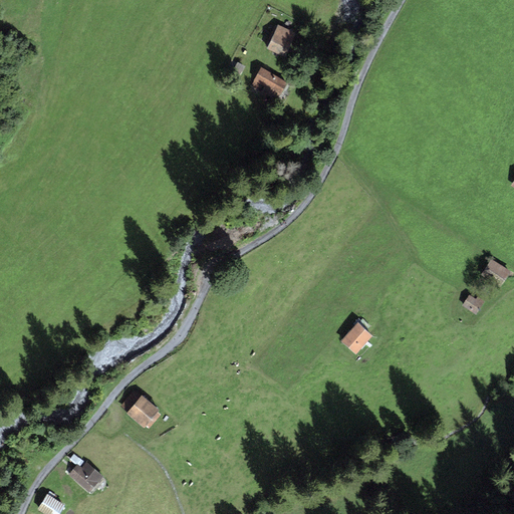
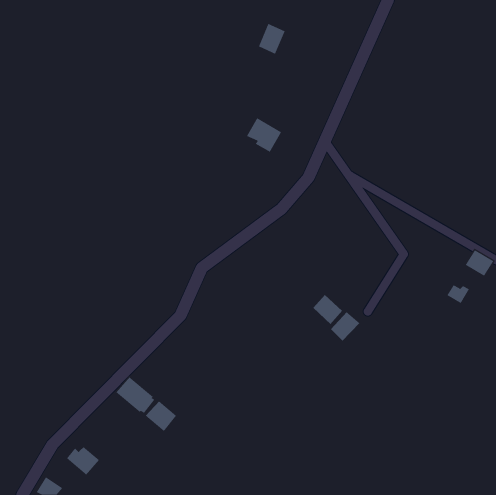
building: [250,67,287,103] -> [246,118,282,153]
building: none -> [313,294,343,325]
building: none -> [145,400,177,432]

